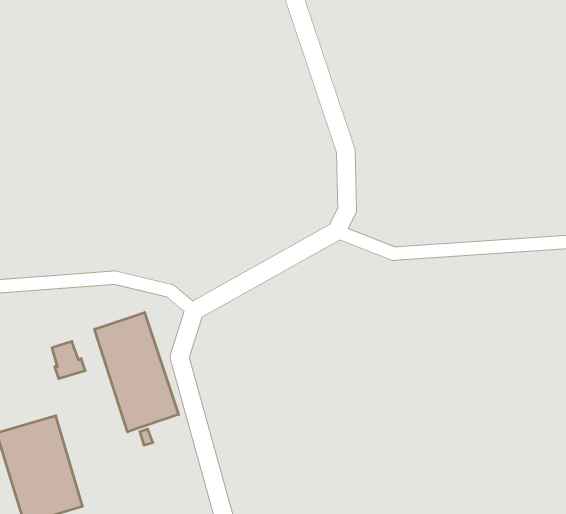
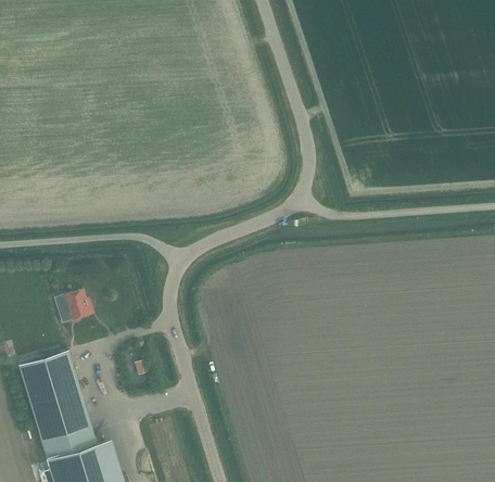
building: [95,312,179,432] -> none

